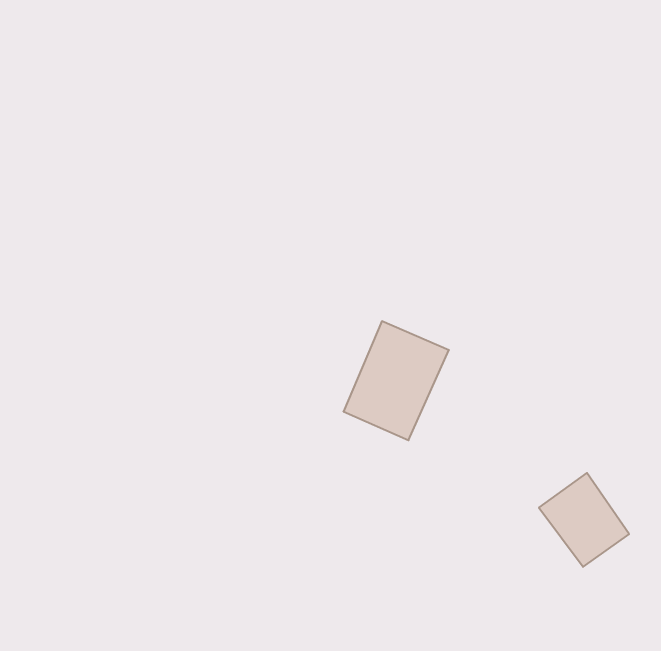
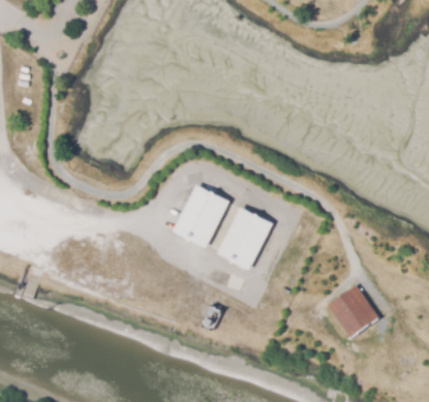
building: none -> [176,185,231,248]

